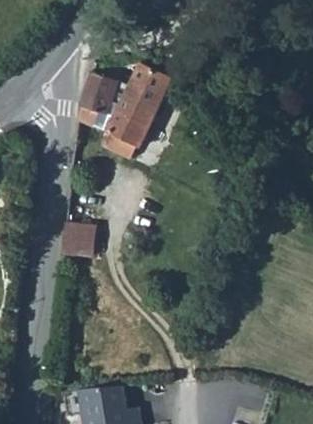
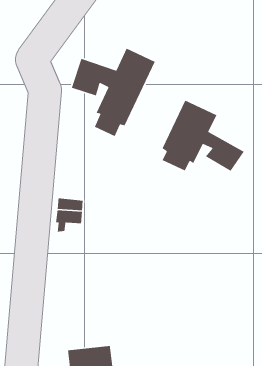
building: none -> [161,99,245,172]

